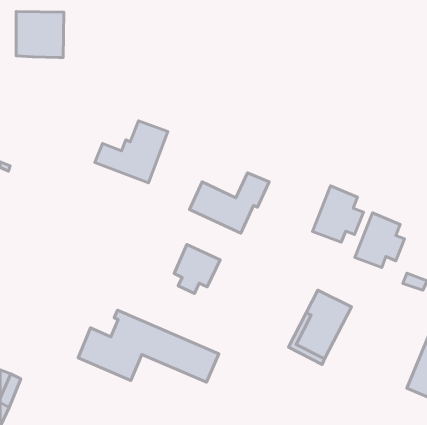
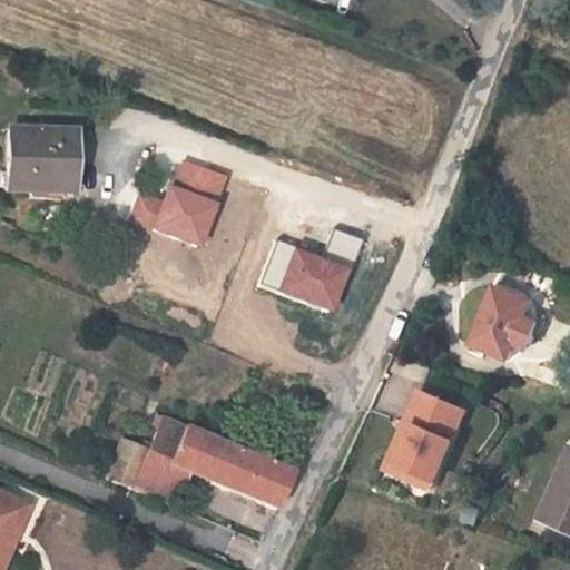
building: [16,11,64,58] -> [9,127,72,188]
building: [312,186,363,242] -> none
building: [174,245,220,294] -> none

